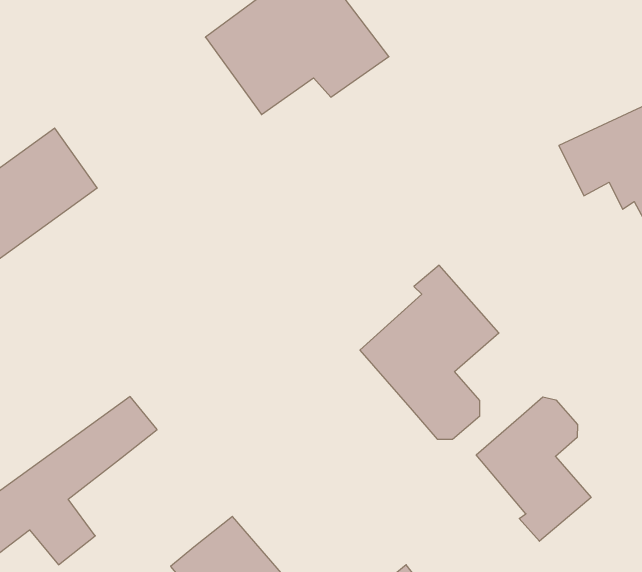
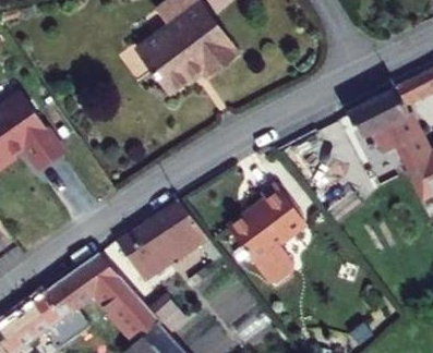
building: none -> [121,198,227,282]
building: [476,397,591,541] -> none
building: none -> [95,270,158,337]

